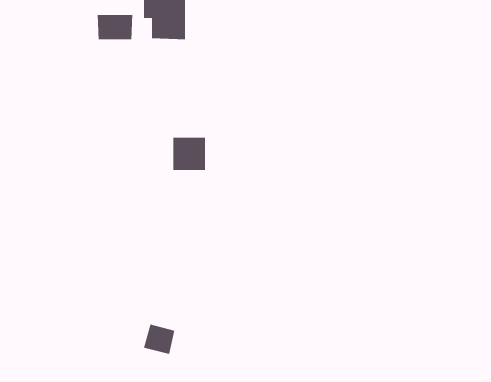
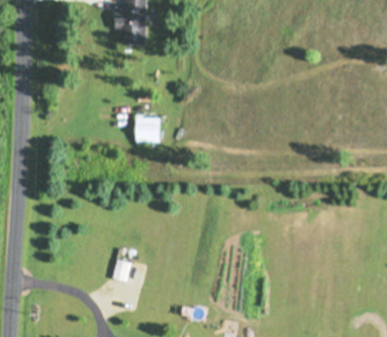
building: [97,14,133,40] -> none

